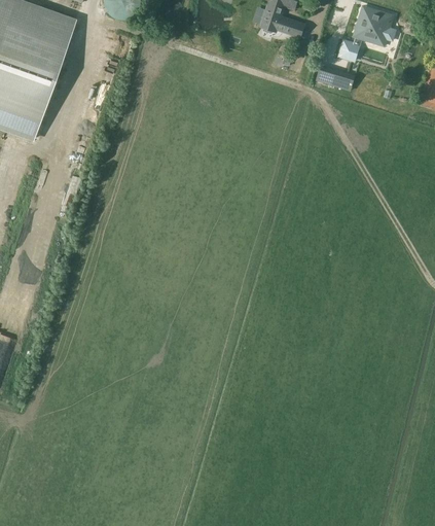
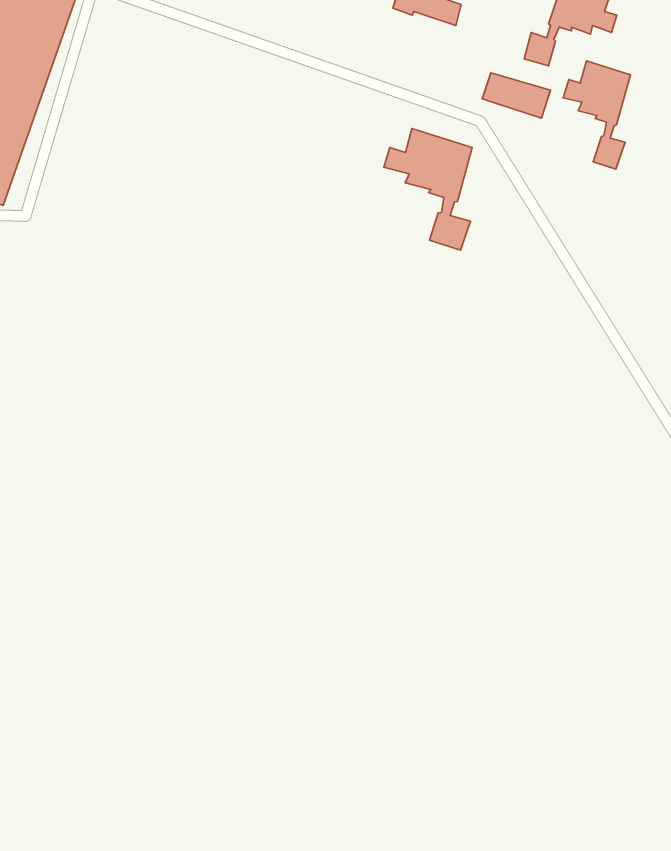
building: none -> [563,61,631,169]
building: none -> [384,129,472,250]

